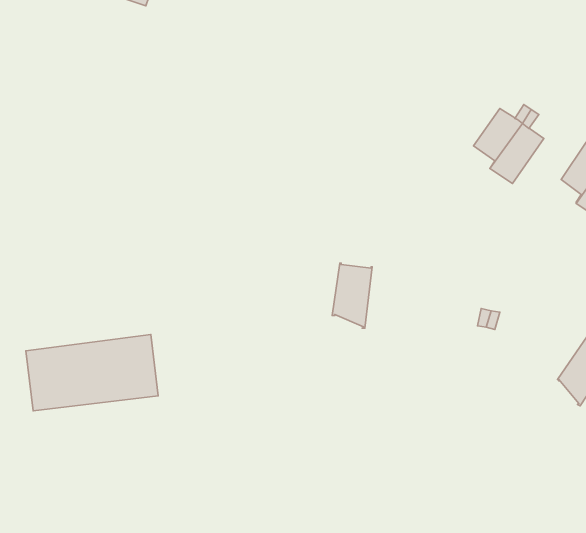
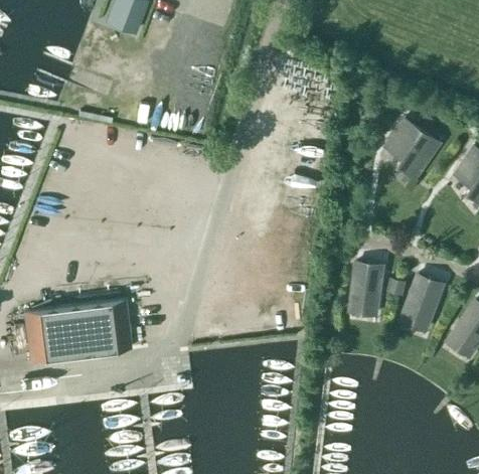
building: [332,263,372,328] -> [349,264,381,316]
building: none -> [403,276,442,332]

